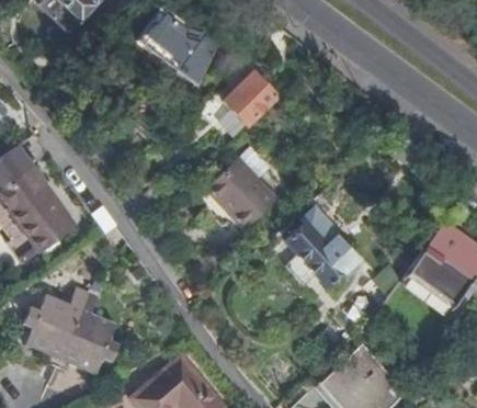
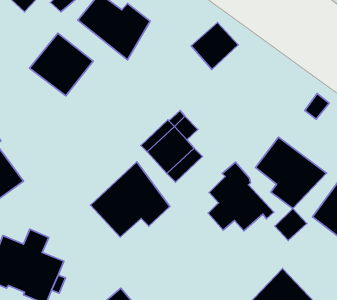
building: none -> [29,33,93,96]
building: [225,72,280,127] -> [191,22,238,69]
building: none -> [256,137,326,208]
building: none -> [90,162,170,237]

